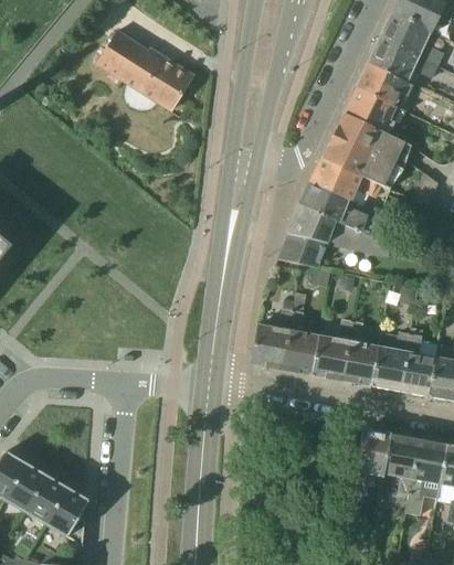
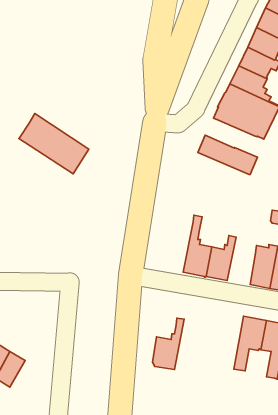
building: [96,29,191,110] -> [19,113,89,174]
building: [312,160,382,201] -> none
building: [278,206,392,268] -> none
building: [252,299,295,369] -> [152,318,184,370]
building: [341,321,379,385] -> none
building: [46,488,88,545] -> none

